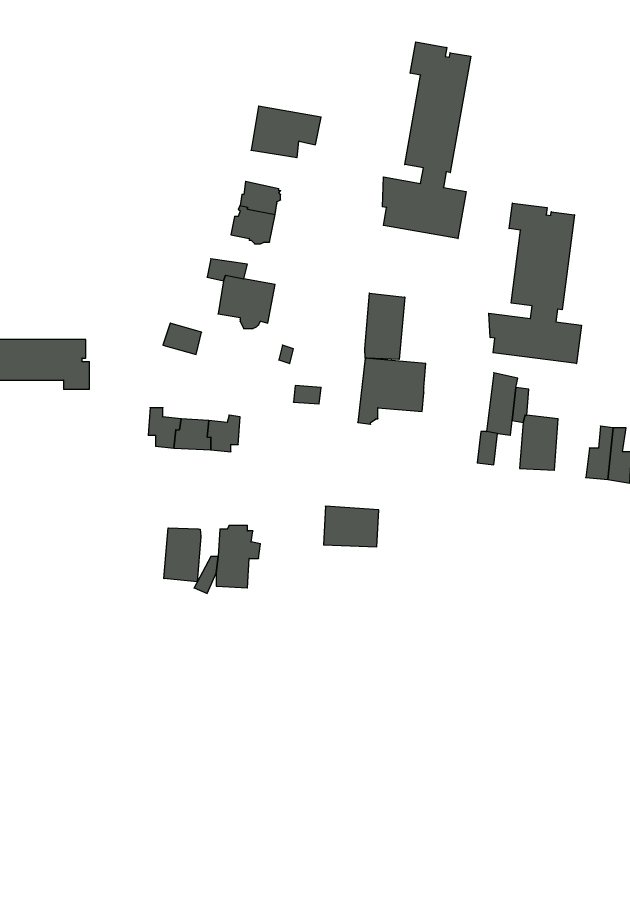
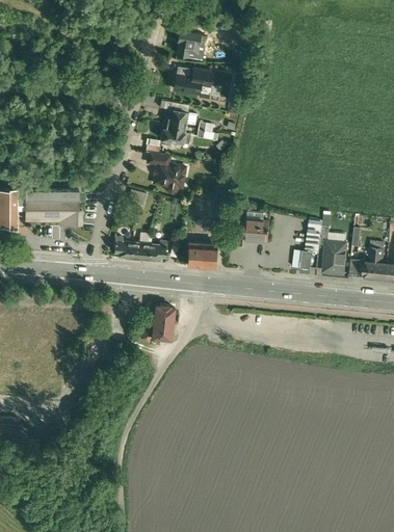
building: none -> [177,29,206,54]
building: [382,42,471,239] -> none
building: [489,203,581,364] -> none
building: [365,293,405,359] -> none
building: [324,506,379,547] -> [187,242,218,265]
building: [164,528,201,582] -> none

